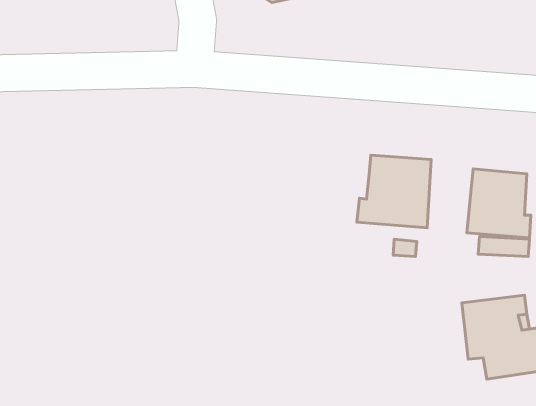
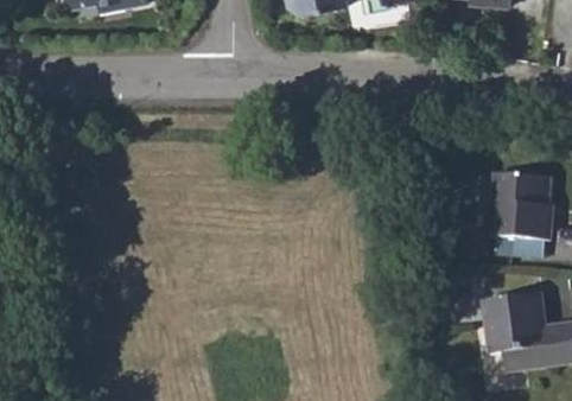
building: [357,155,431,228] -> none

